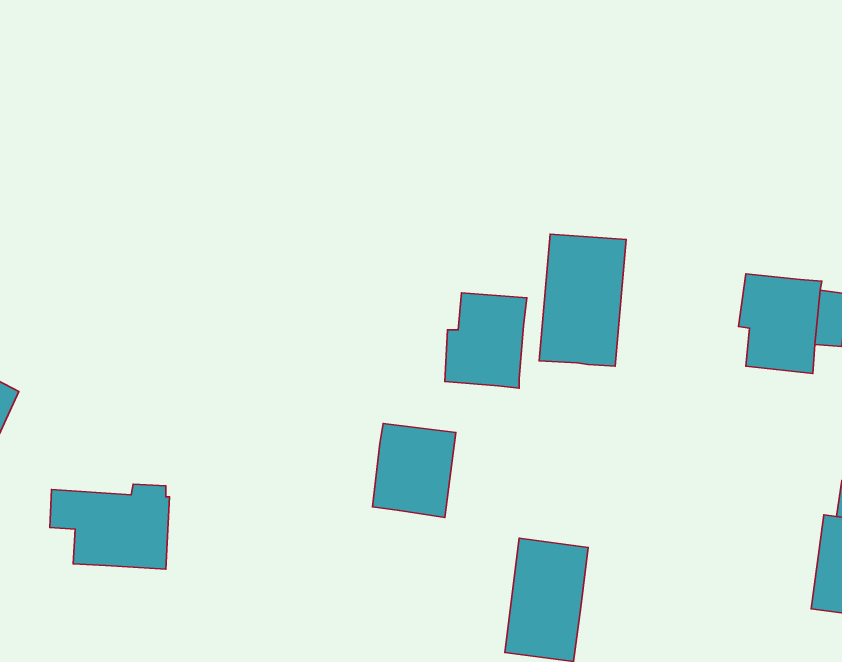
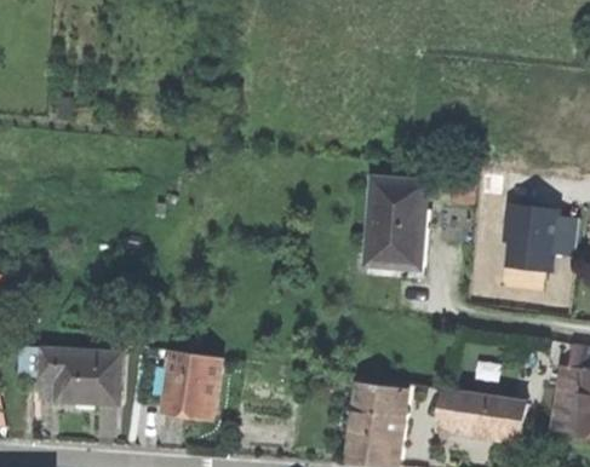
building: [445,293,527,388] -> none
building: [372,423,456,518] -> [164,350,219,413]
building: none -> [437,392,526,438]

